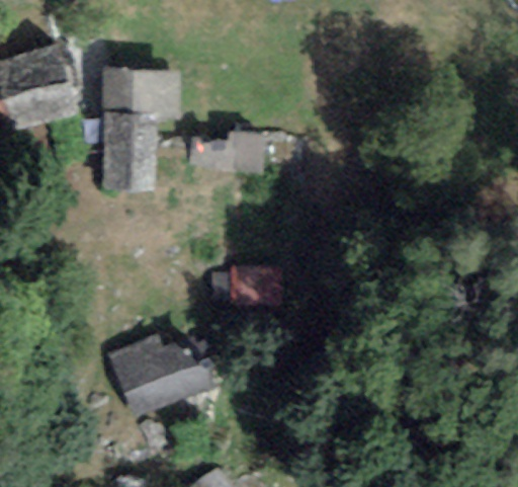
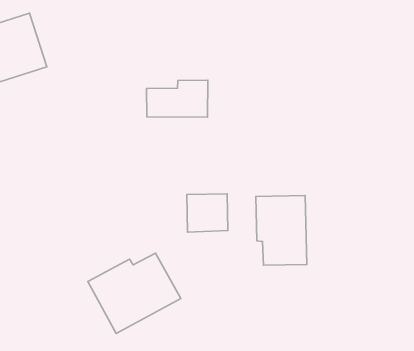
building: [100,65,181,189] -> none
building: none -> [256,196,307,265]

